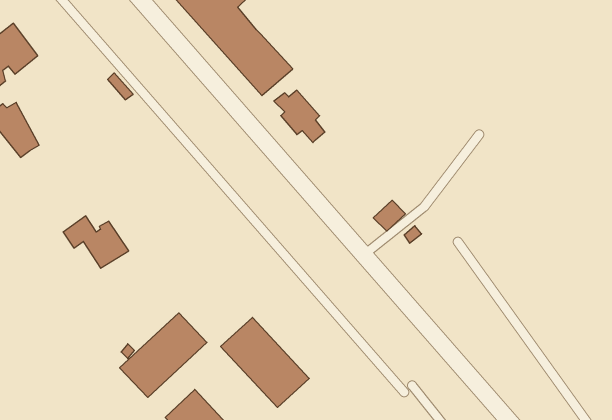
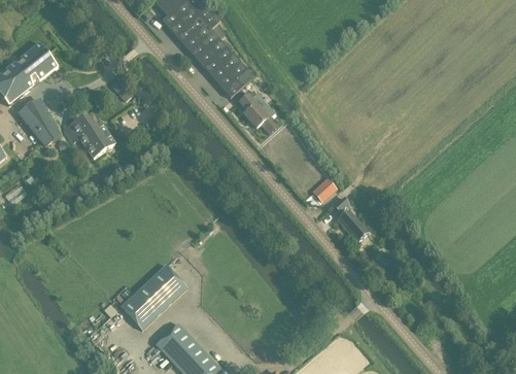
building: [63,216,129,268] -> [64,116,114,157]
building: none -> [338,210,368,241]
building: [221,317,309,407] -> none

